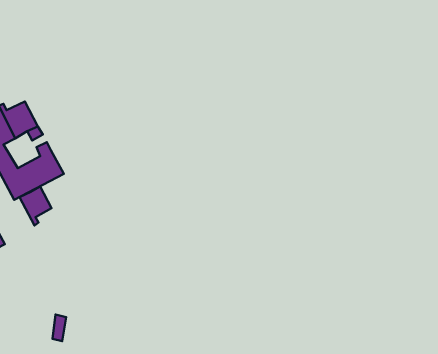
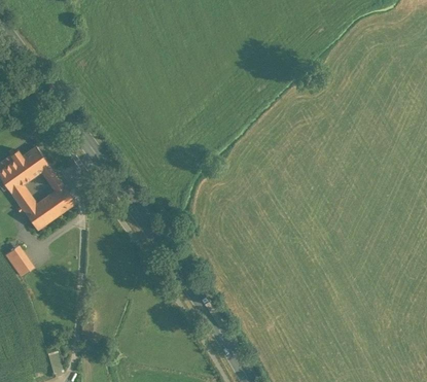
building: [19,186,52,225] -> none

